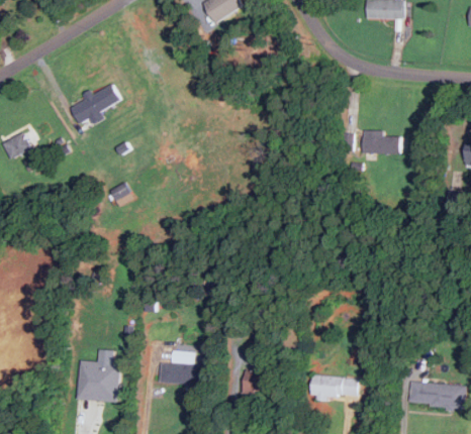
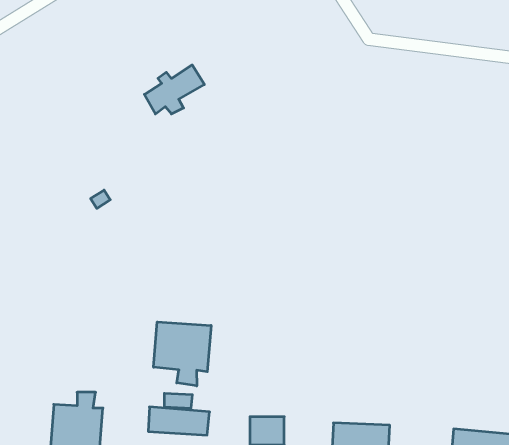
building: [72,84,121,124] -> [144,65,204,114]
building: [362,130,400,153] -> none
building: none -> [154,322,211,386]

